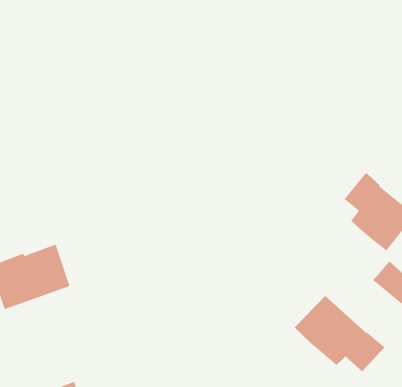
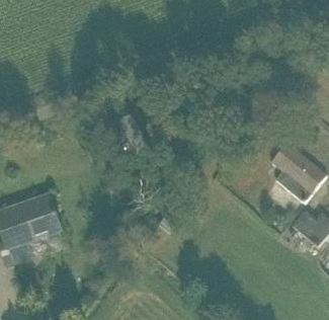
building: [294,295,386,372] -> none

